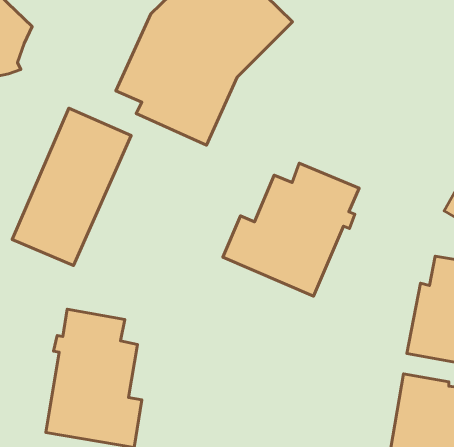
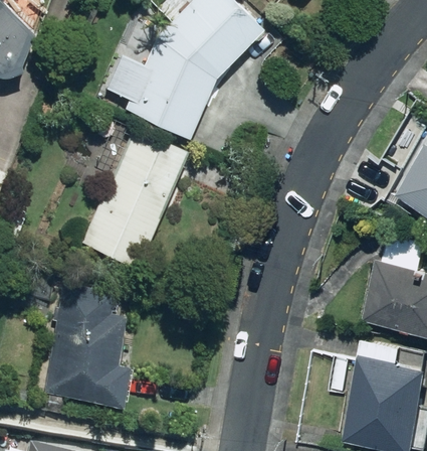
building: [12,108,131,266] -> [82,129,188,269]
building: [223,163,359,296] -> none

